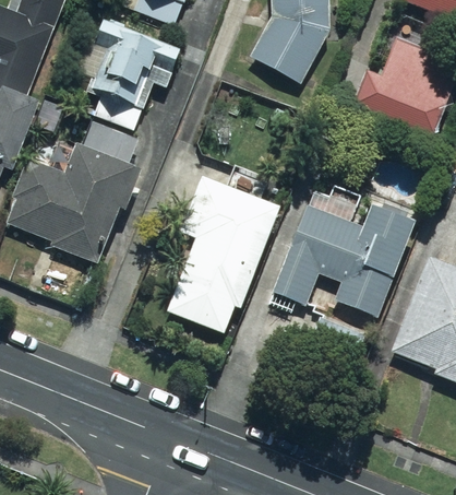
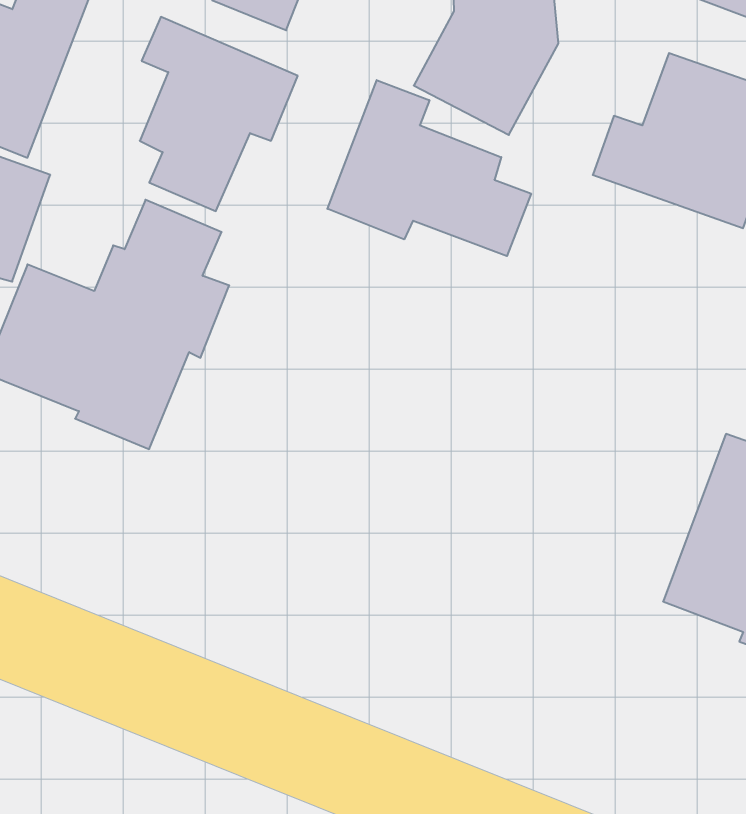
building: none -> [327,80,531,256]
building: [170,166,277,331] -> none
building: [272,184,413,318] -> none

